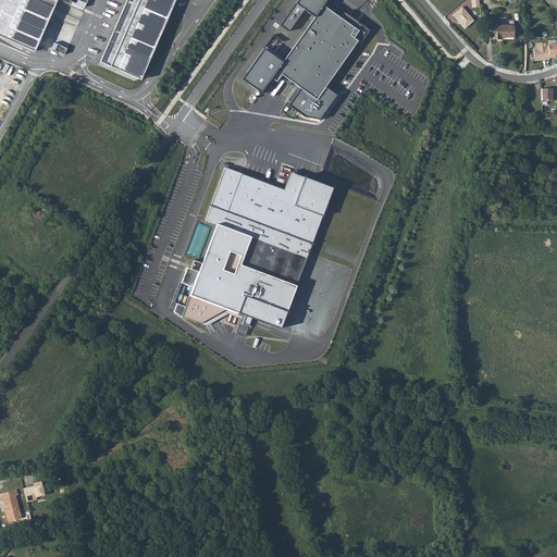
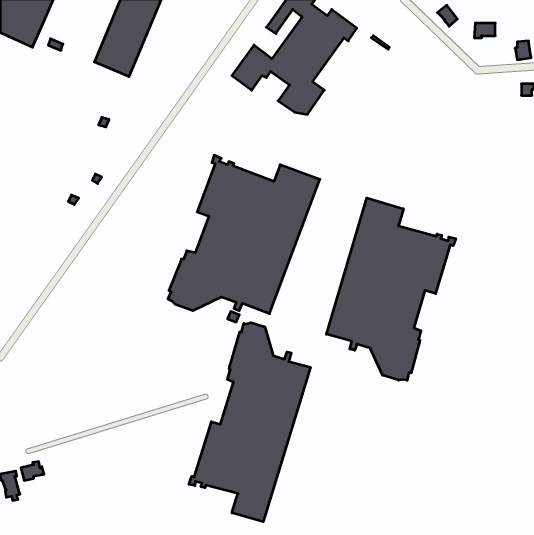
building: none -> [326,198,456,380]
building: none -> [189,323,310,522]

